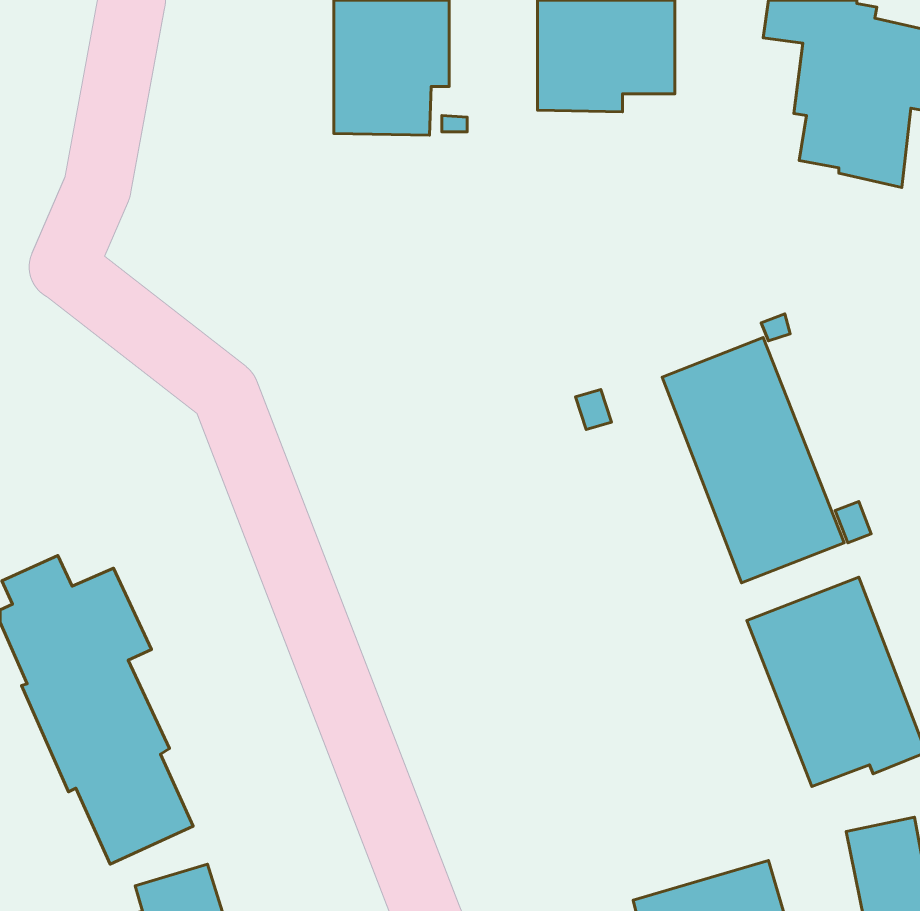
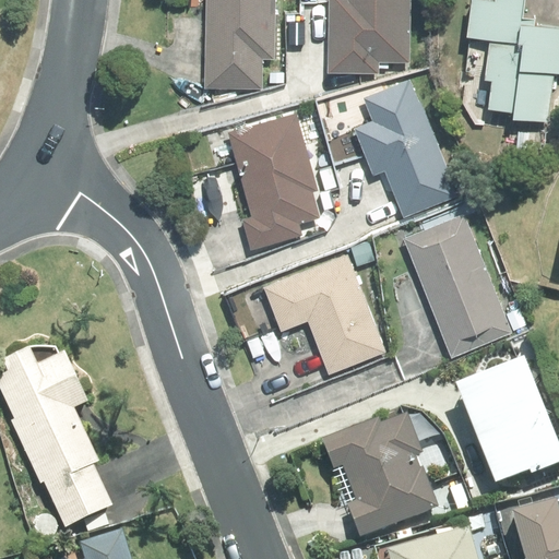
building: none -> [353,76,455,218]
building: none -> [226,110,319,249]
building: none -> [261,251,384,373]
building: none -> [322,416,438,539]

